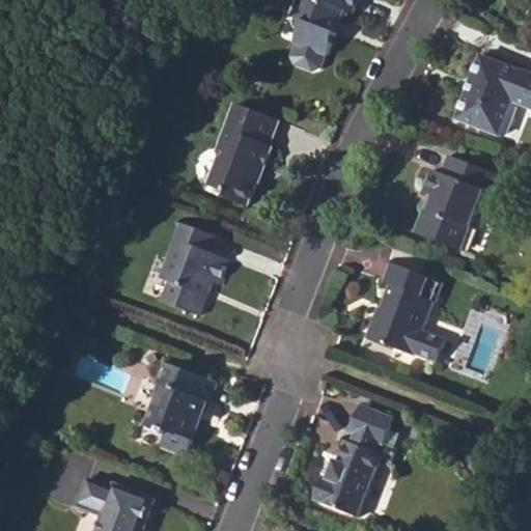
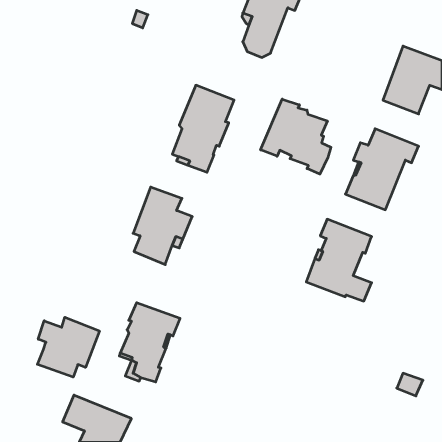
building: none -> [261,99,331,174]
building: none -> [37,317,99,377]
building: [312,402,394,516] -> none

